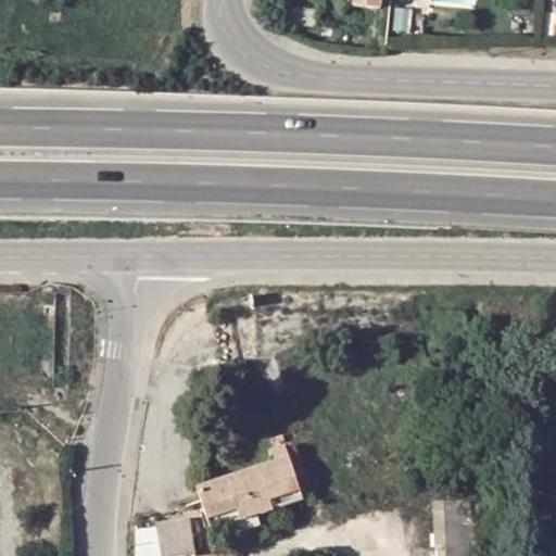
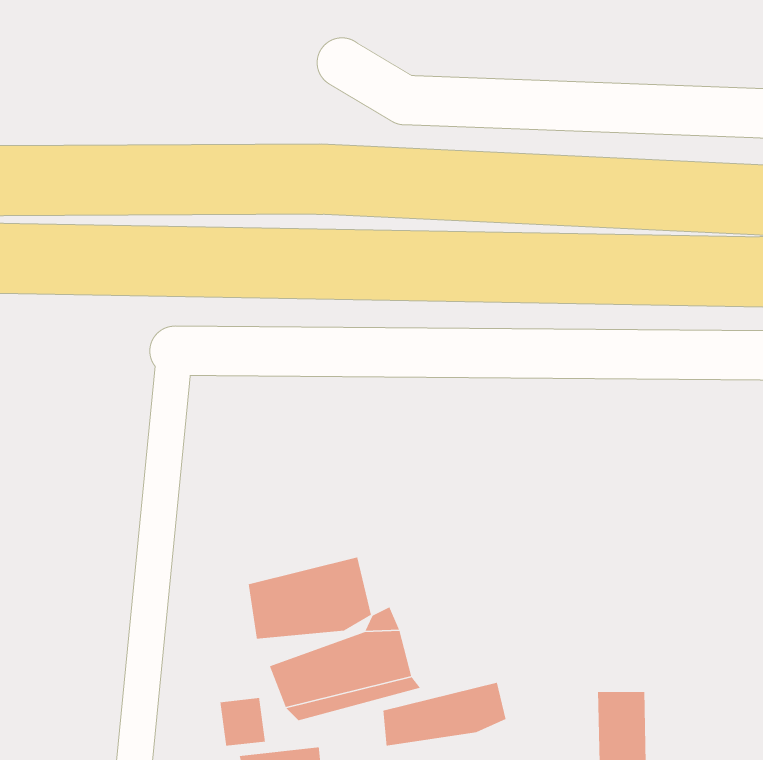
building: none -> [248,557,372,639]
building: none -> [383,682,506,747]

